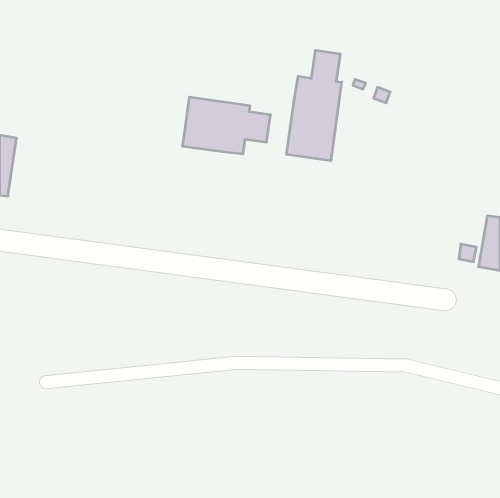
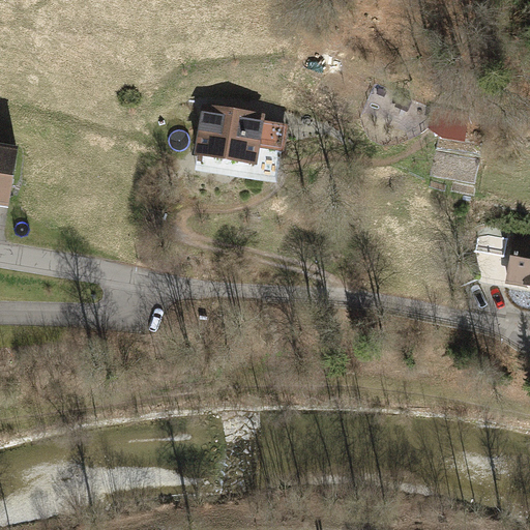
building: [287,50,342,161] -> none

